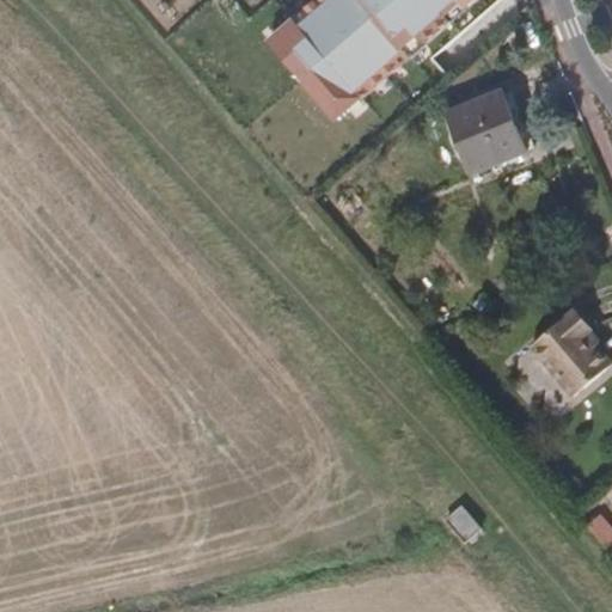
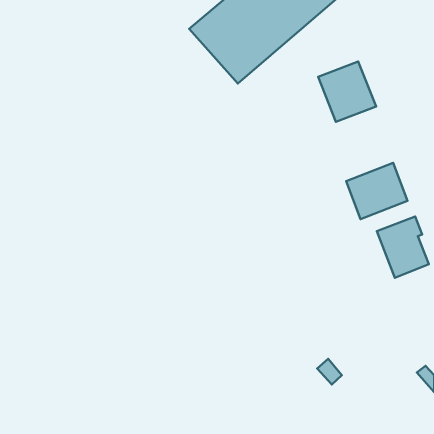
building: none -> [346,163,408,219]

